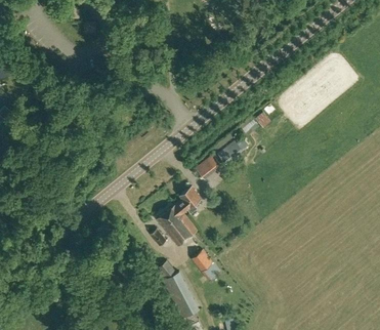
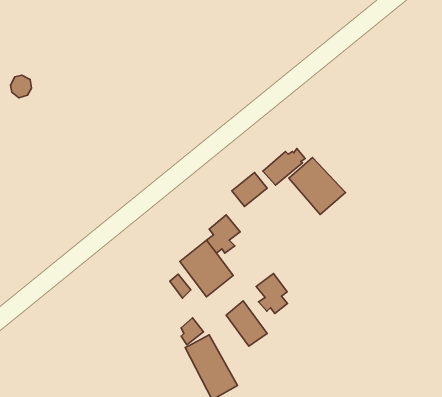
building: none -> [289,157,346,215]
building: none -> [256,273,287,313]

